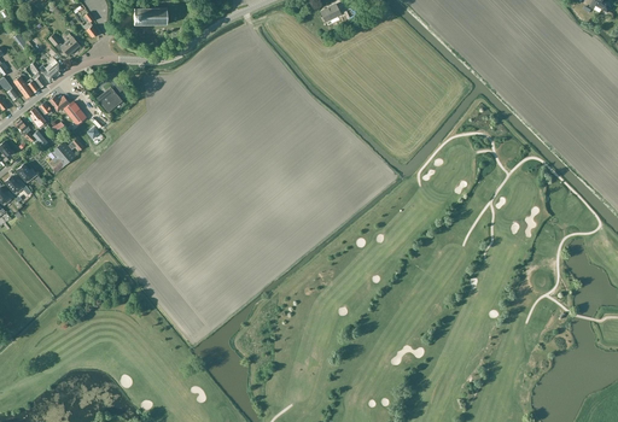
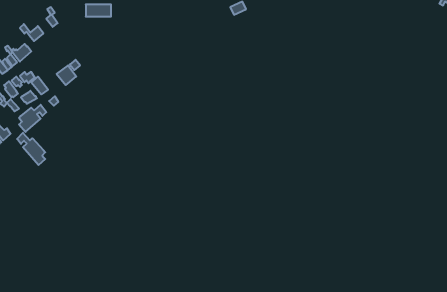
building: none -> [17,133,45,165]

